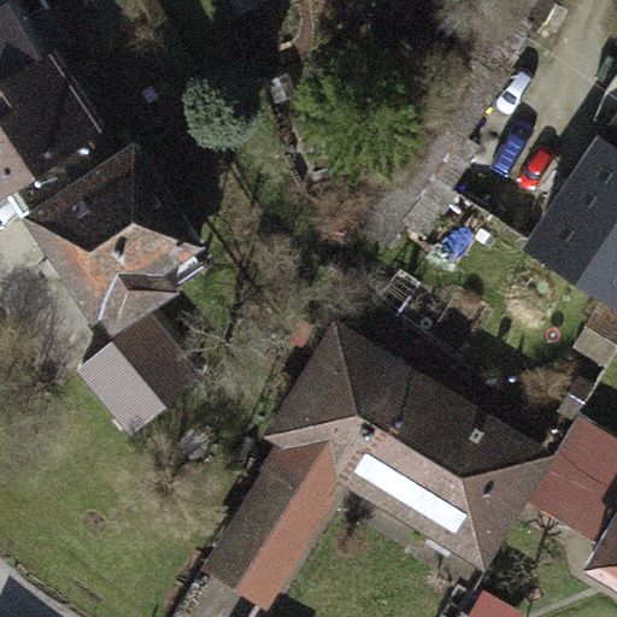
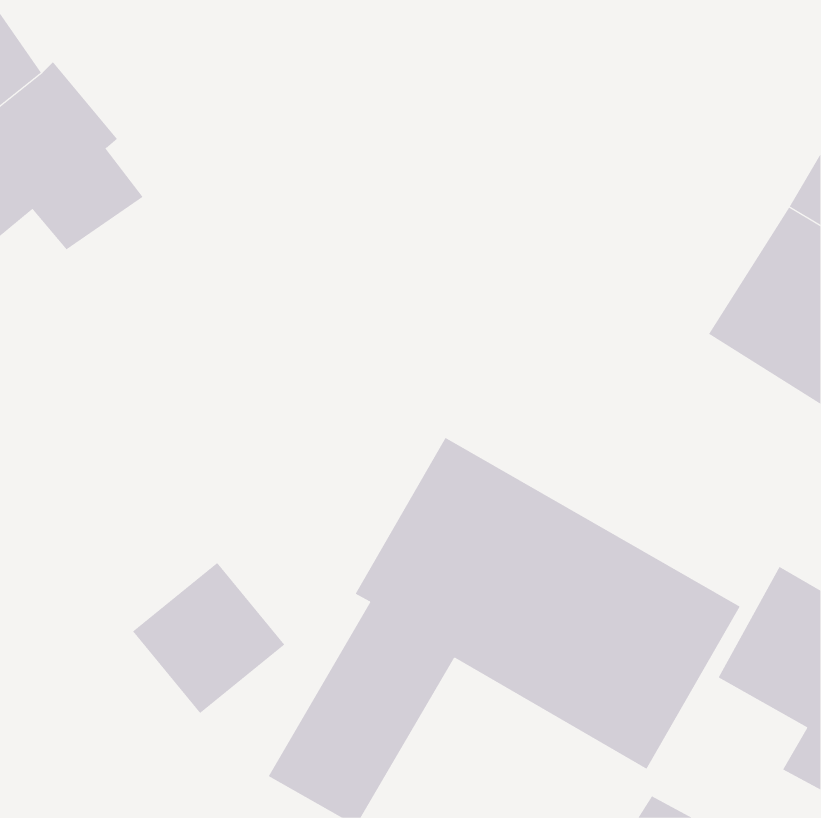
building: [25,134,190,306] -> none
building: [78,302,193,416] -> [132,562,285,714]

